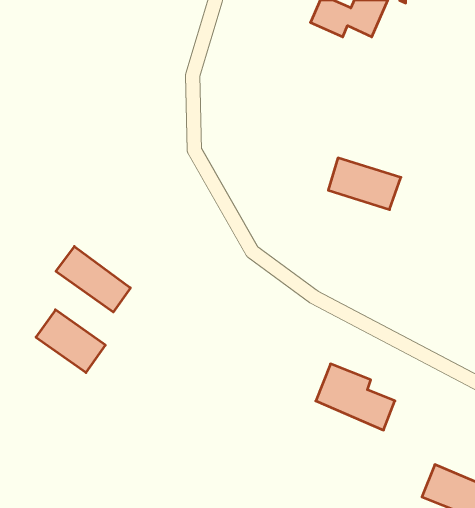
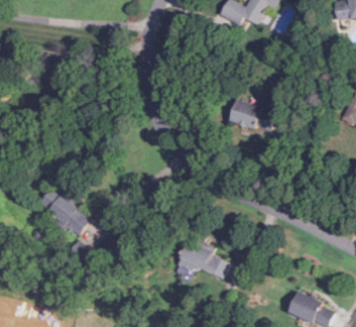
building: [56,246,130,312] -> none
building: [316,364,395,430] -> [180,238,229,280]

